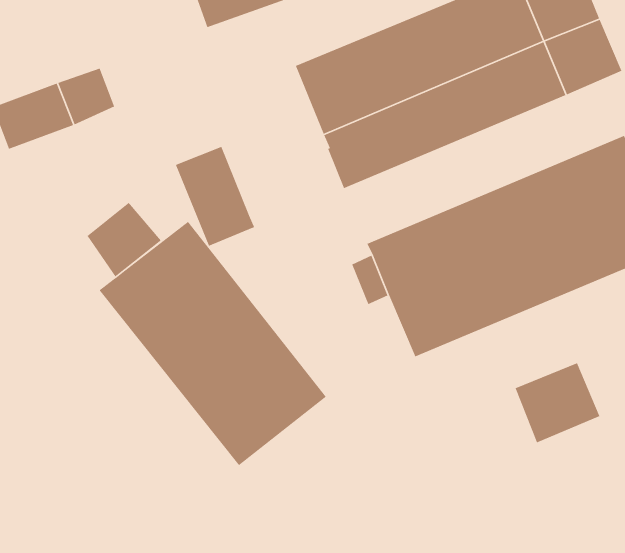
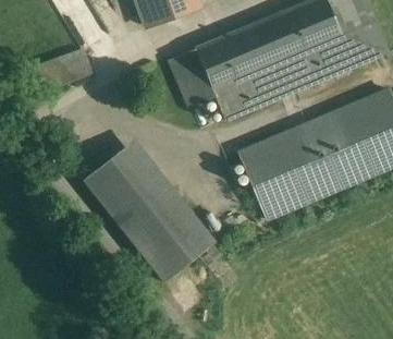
building: [175,146,255,247] -> [169,48,216,107]
building: [86,202,162,277] -> none
building: [515,362,601,444] -> none

